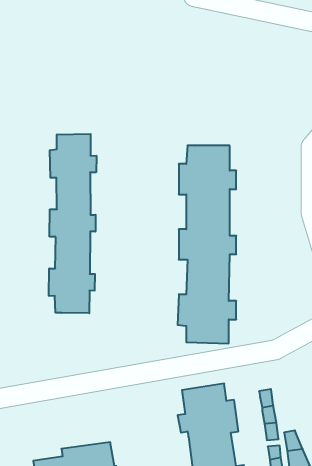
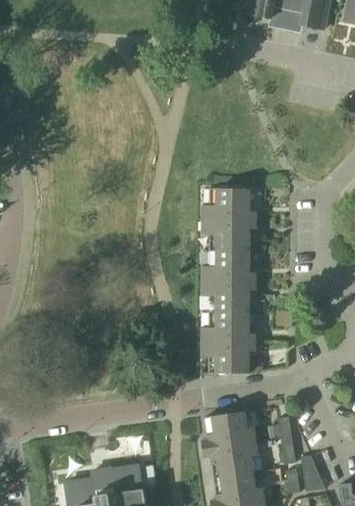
building: [49,134,96,313] -> none

